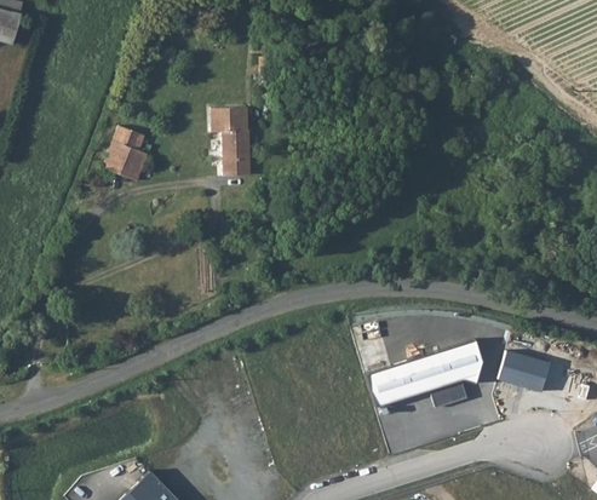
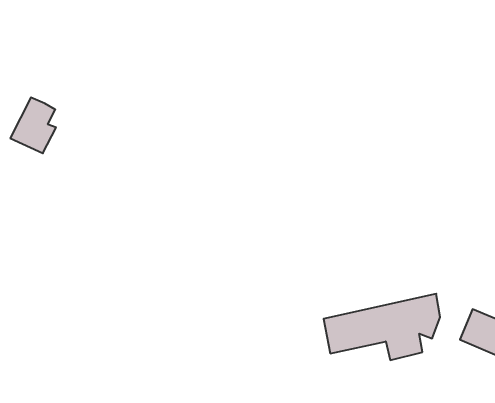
building: [211,108,251,177] -> none
building: [102,127,147,182] -> [10,97,56,153]

